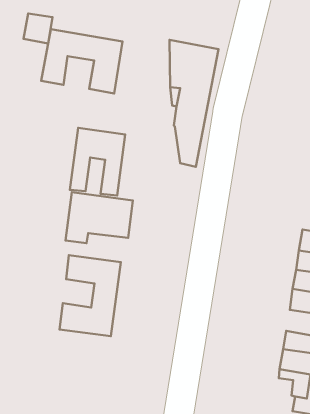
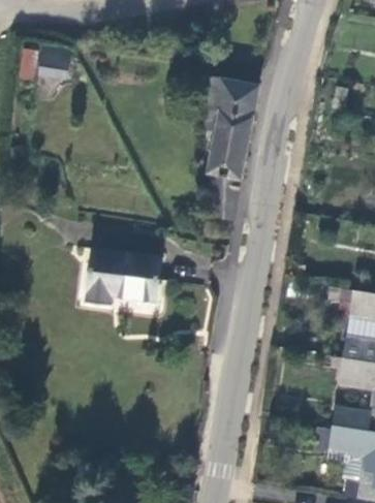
building: [41,29,123,94] -> none
building: [70,128,125,196] -> none
building: [59,255,121,336] -> none

